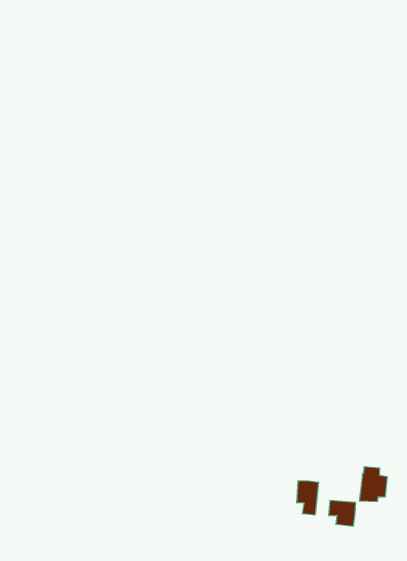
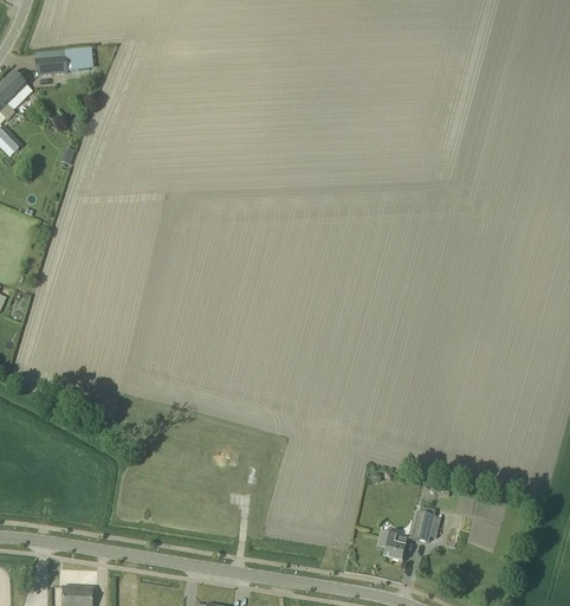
building: [297,481,318,515] -> none

